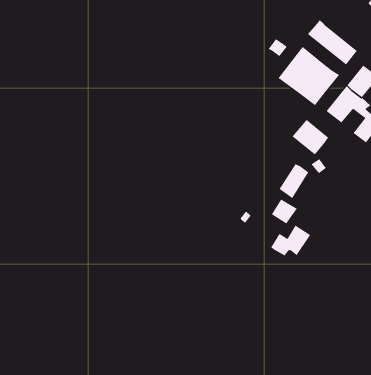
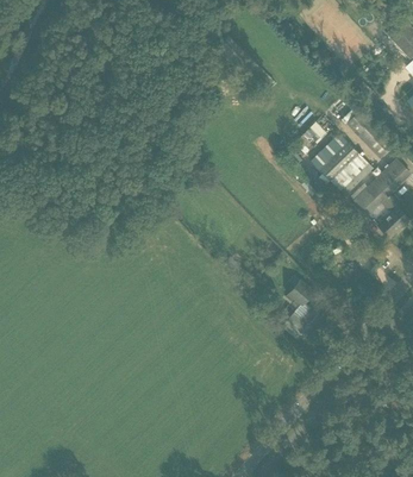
building: [291,119,329,155] -> none
building: [278,163,309,199] -> none

